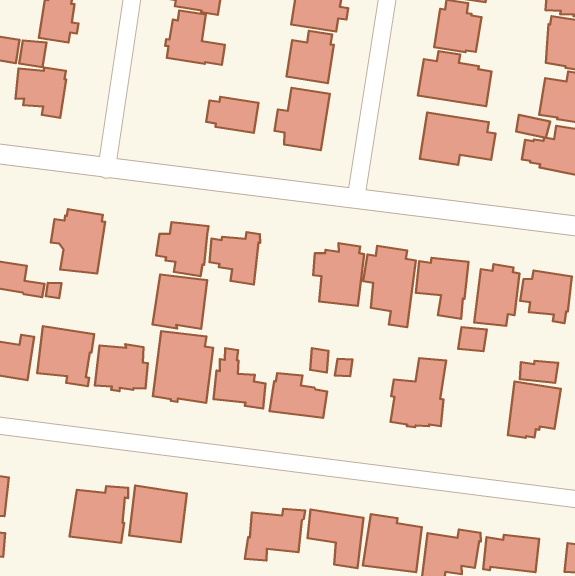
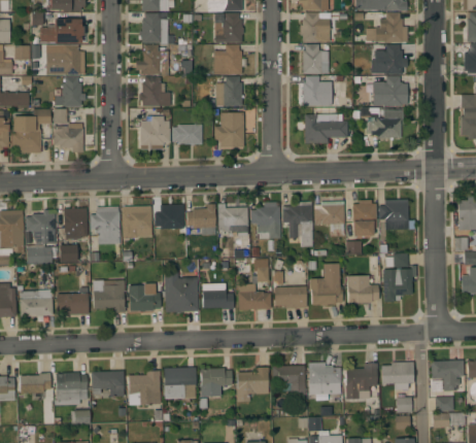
building: none -> [139,116,169,149]
building: none -> [63,208,88,237]
building: none -> [216,203,247,236]
building: [152,275,207,329] -> [122,206,151,238]
building: none -> [273,286,306,308]
building: none -> [346,275,378,304]
building: none -> [91,371,124,397]
building: none -> [200,368,231,397]

